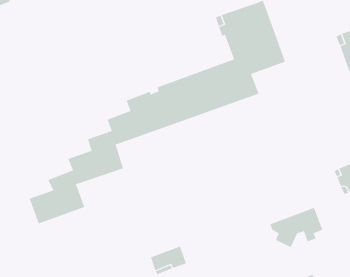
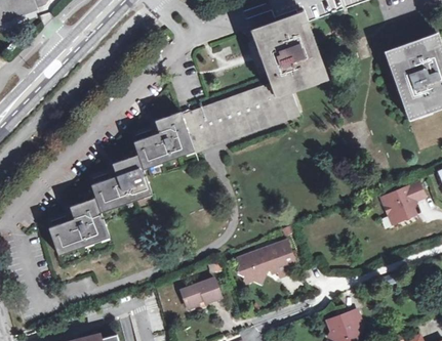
building: [269,207,323,248] -> [237,240,295,284]

